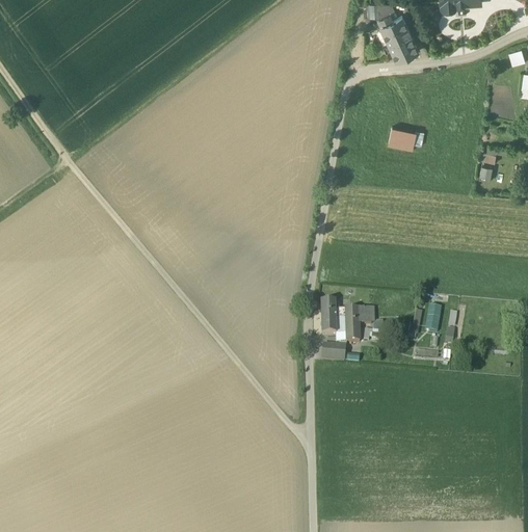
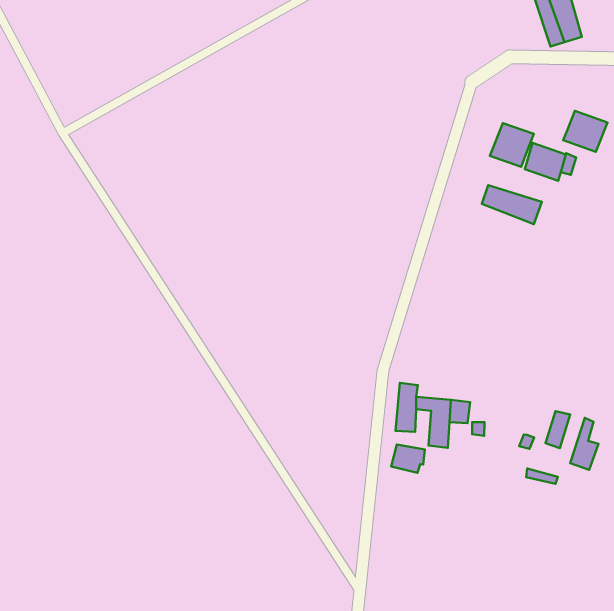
building: none -> [563,111,607,152]
building: none -> [490,123,534,167]
building: none -> [482,185,542,224]

